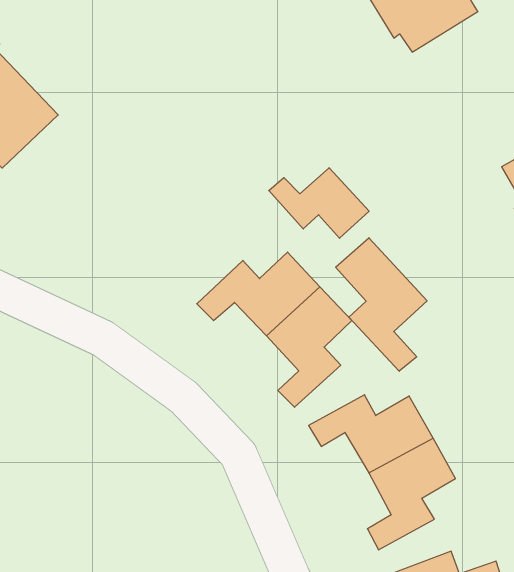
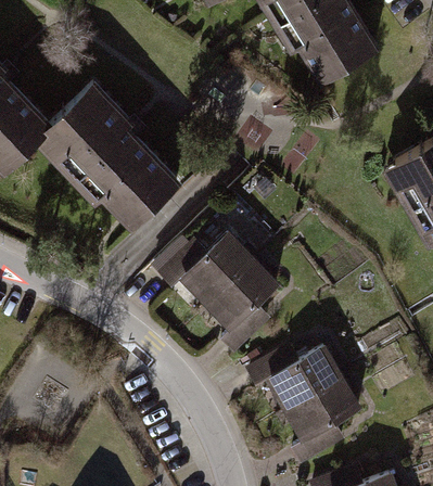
building: none -> [43,88,179,225]
building: [269,168,369,238] -> none
building: [336,238,427,371] -> none

